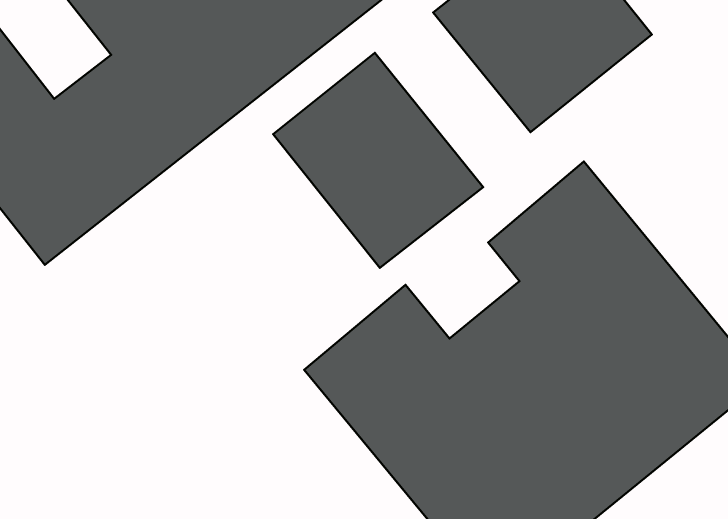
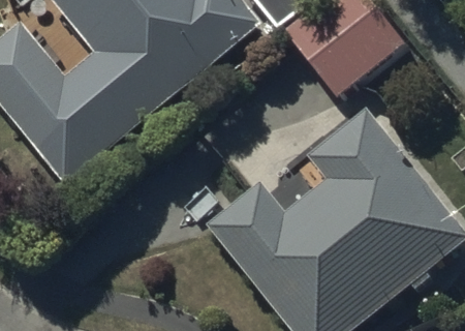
building: [273,53,483,268] -> none

